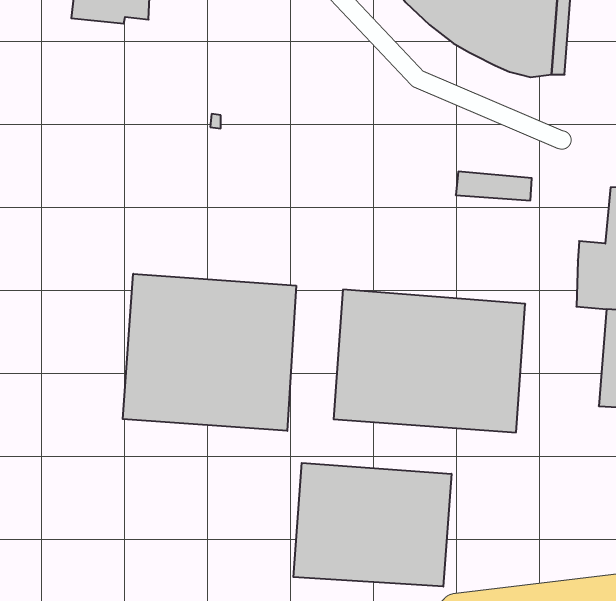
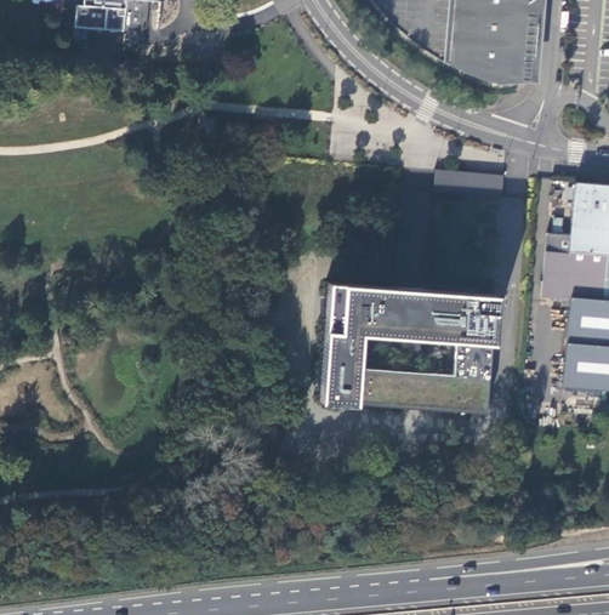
building: [123,274,296,431] -> none
building: [293,463,451,587] -> none

